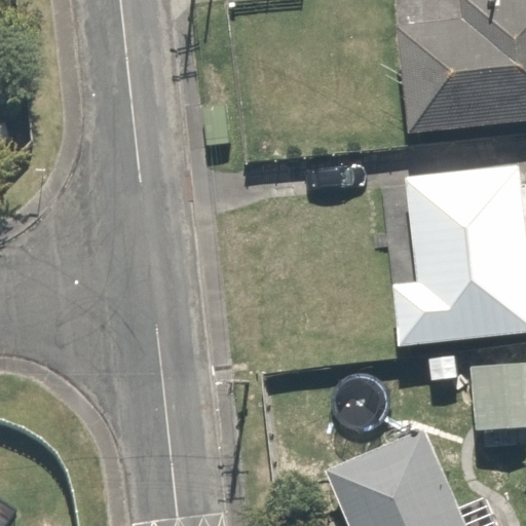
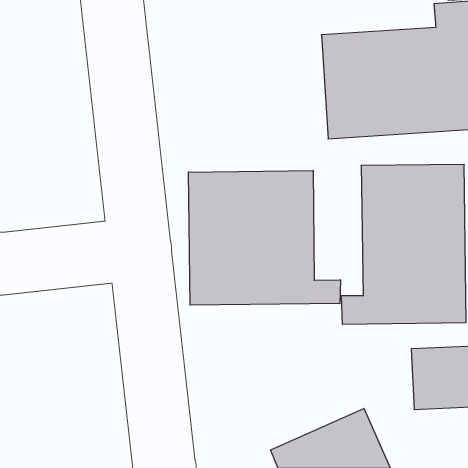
building: none -> [188,170,340,305]

